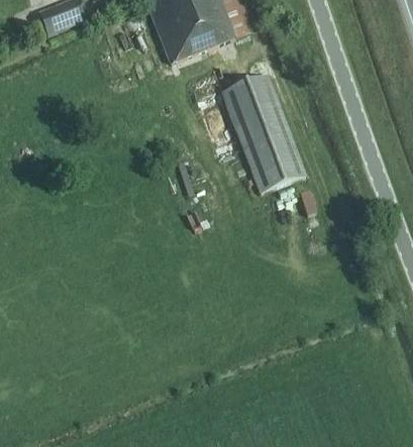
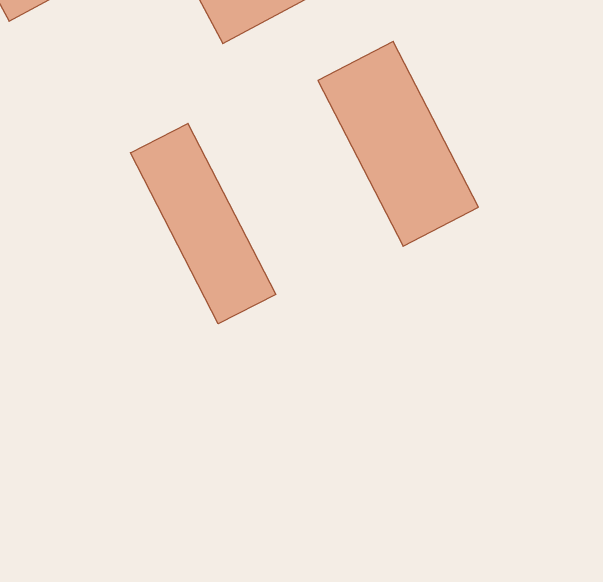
building: none -> [130,123,276,324]

